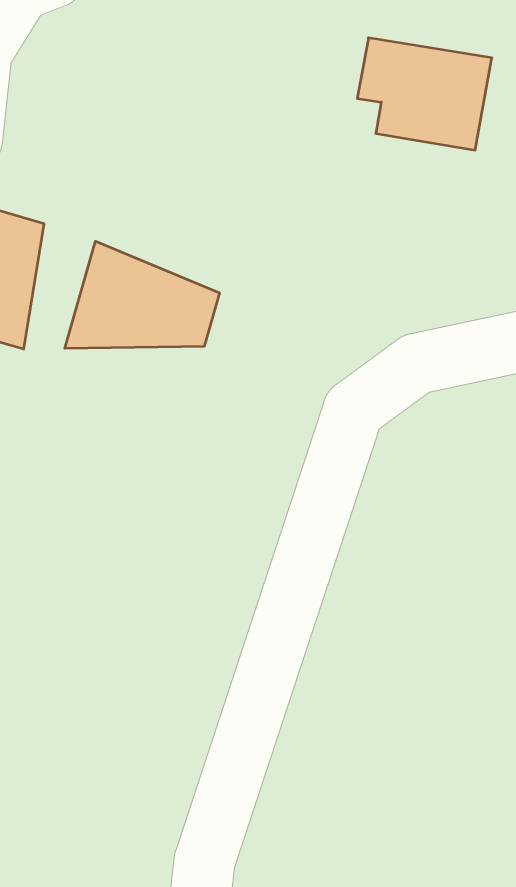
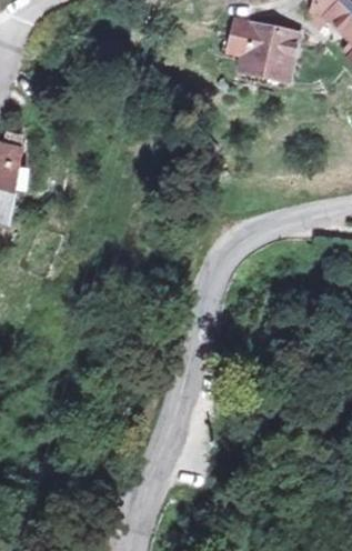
building: [65,241,219,348] -> none

